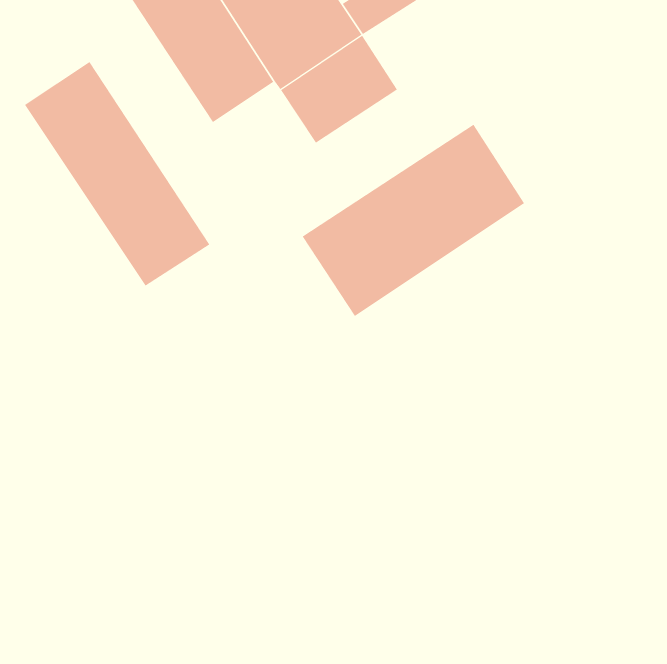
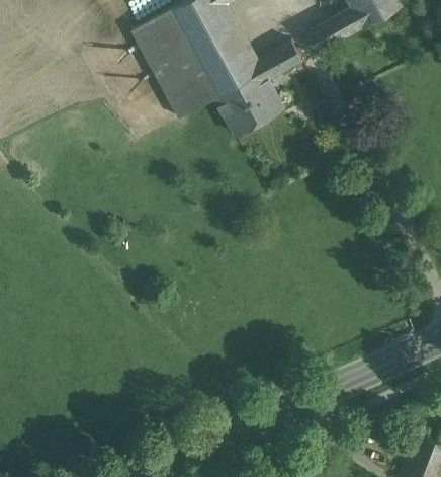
building: [24,61,210,286] -> none
building: [302,124,525,317] -> none

